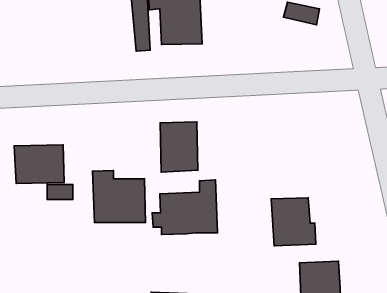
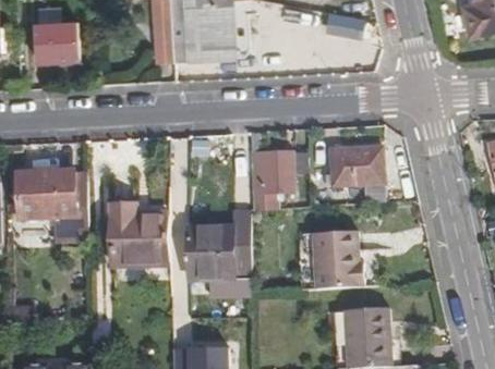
building: none -> [37,21,83,61]
building: none -> [329,146,385,207]
building: [160,122,198,172] -> [249,155,292,212]

